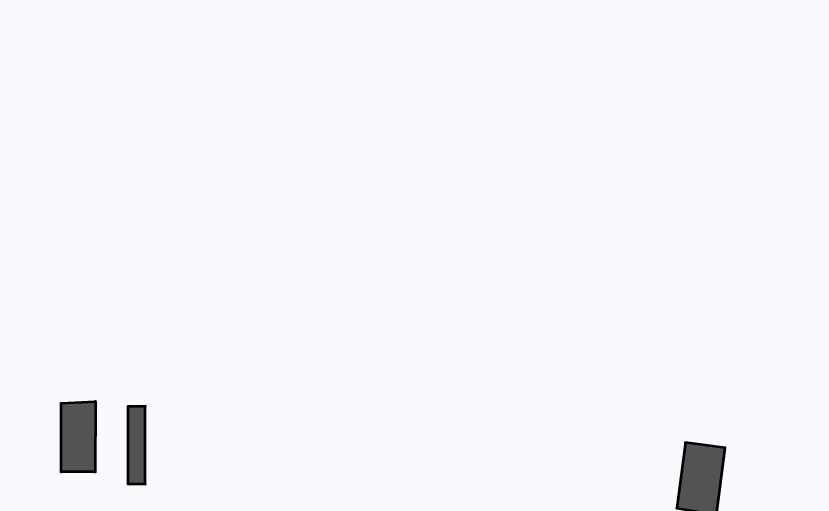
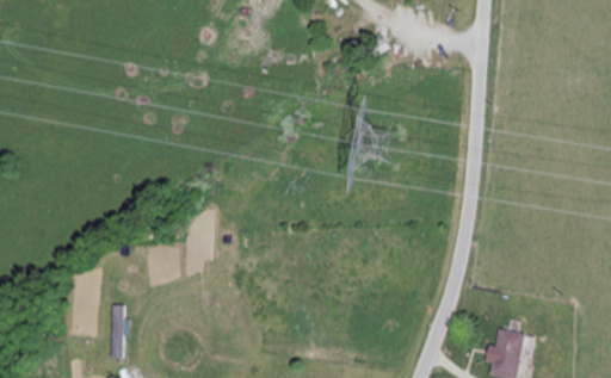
building: [61,401,95,472] -> none

